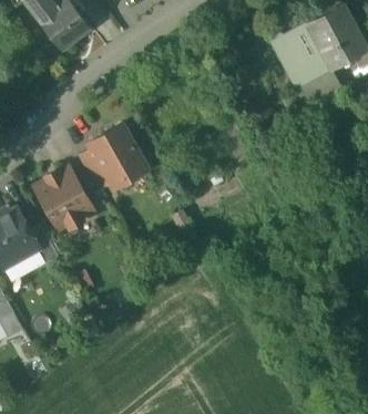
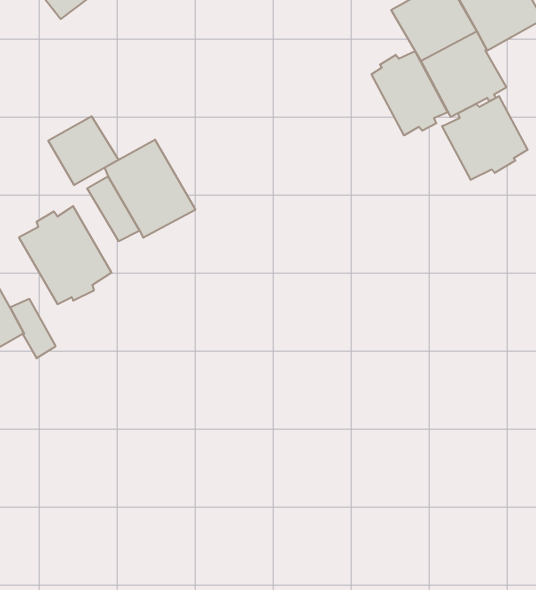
building: none -> [372,51,447,135]
building: none -> [442,96,528,180]
building: none -> [48,116,118,185]

